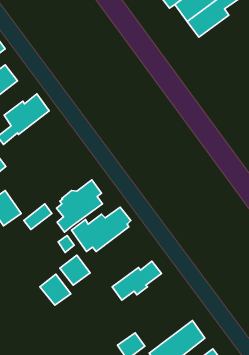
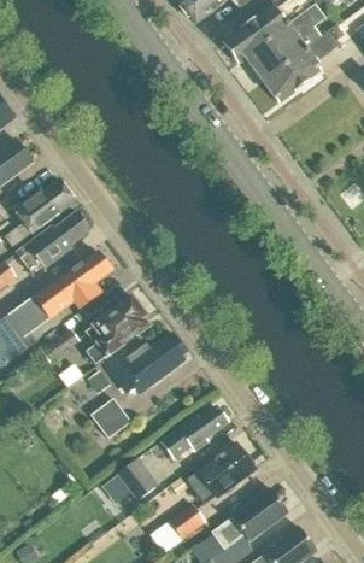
building: none -> [14,212,88,271]
building: none -> [39,252,111,318]
building: [40,274,71,305] -> [116,458,158,500]
building: none -> [186,442,256,504]

